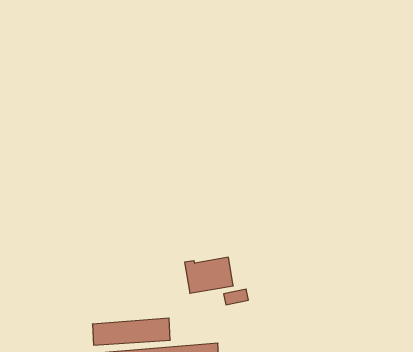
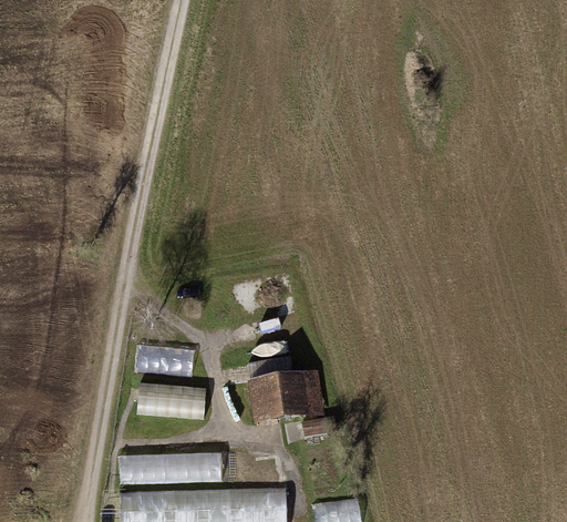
building: none -> [135,342,194,377]
building: none -> [135,380,205,416]

